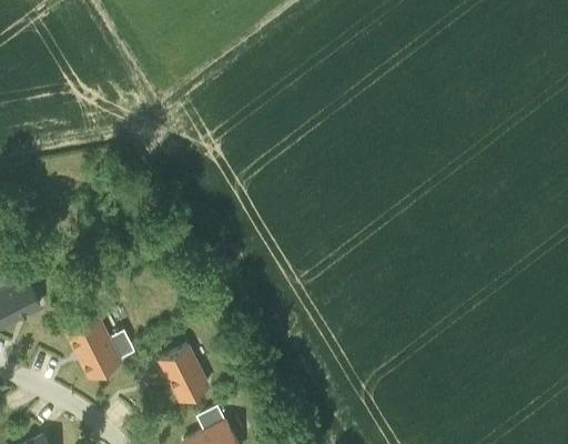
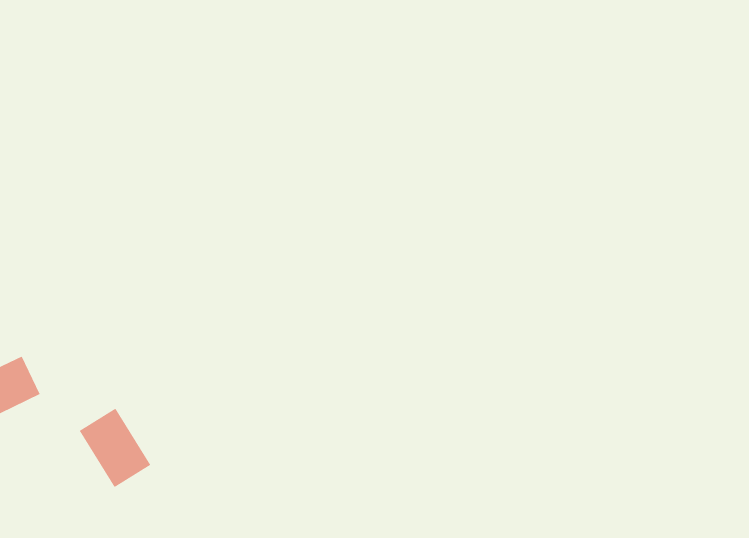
building: [160,346,207,401] -> none

